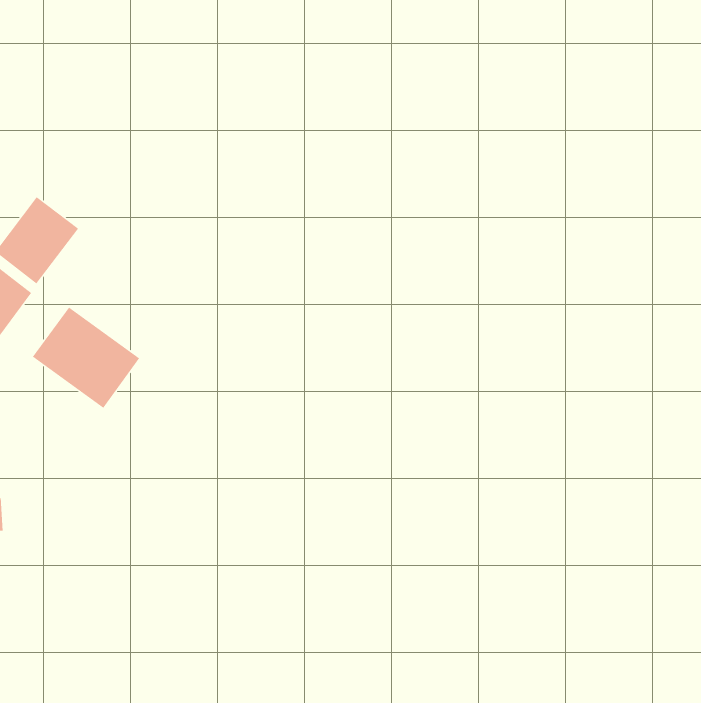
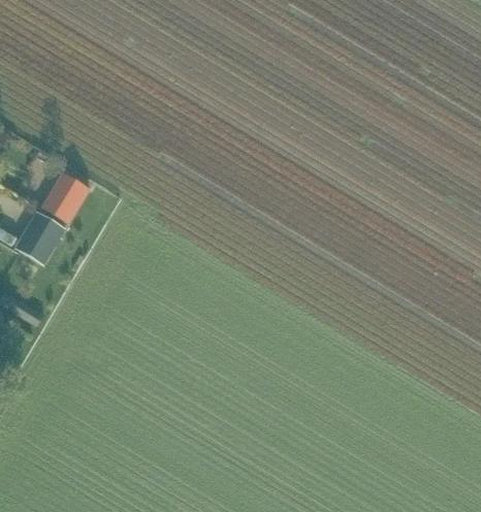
building: [32,306,140,409] -> none

